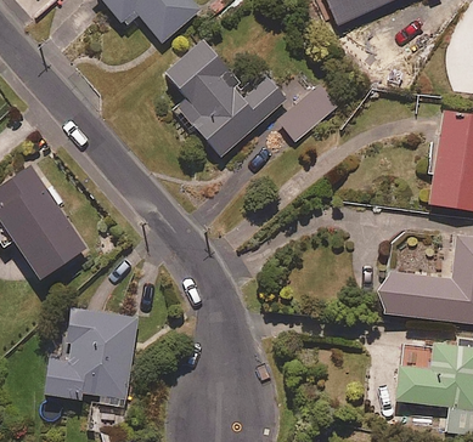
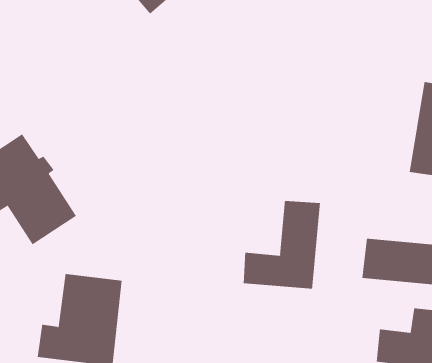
building: [167,42,287,157] -> none
building: [264,85,336,152] -> none
building: none -> [243,200,321,289]

